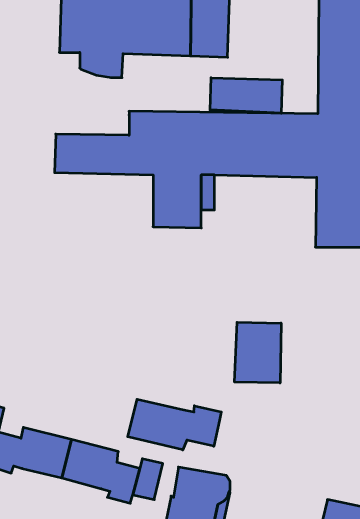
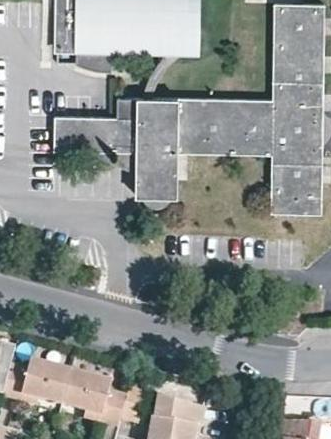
building: [210,78,282,113] -> none
building: [235,322,281,383] -> none
building: [128,399,221,450] -> none

